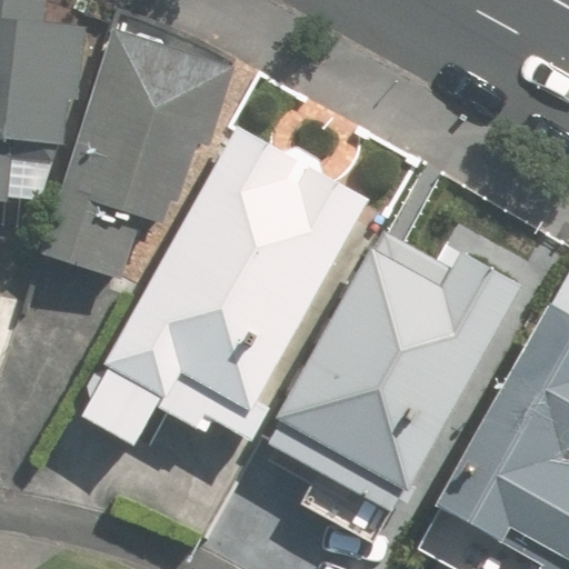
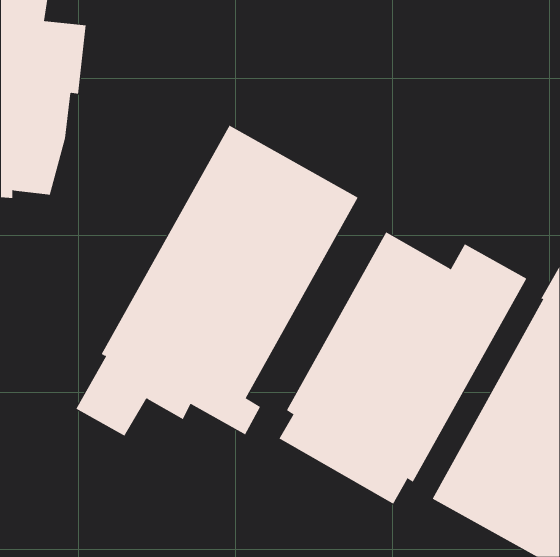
building: [42,26,226,278] -> none

